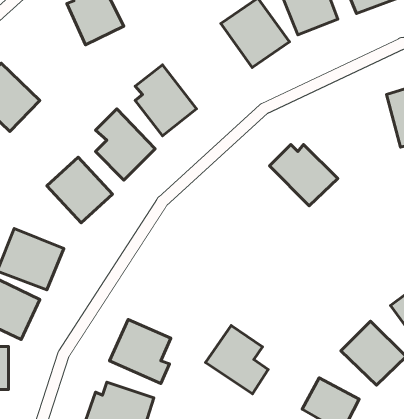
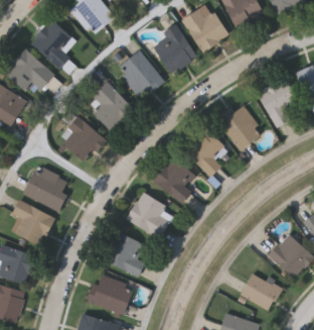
building: none -> [31,20,72,70]
building: none -> [155,24,196,73]
building: none -> [258,79,297,128]
building: none -> [182,127,226,178]
building: none -> [153,156,195,204]
building: [205,325,268,394] -> [126,192,170,240]

